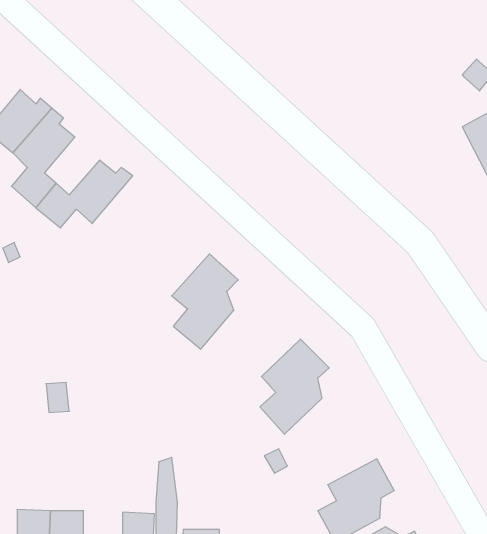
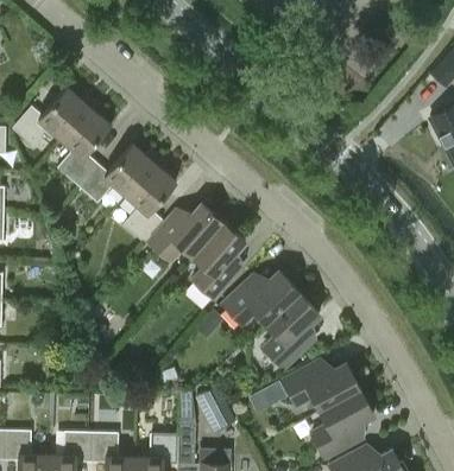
building: none -> [124,158,176,240]
building: none -> [147,204,221,262]
building: none -> [221,272,296,326]
building: none -> [282,361,359,412]
building: none -> [195,390,234,432]

